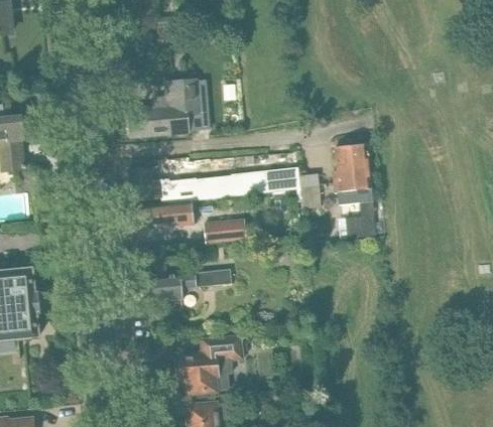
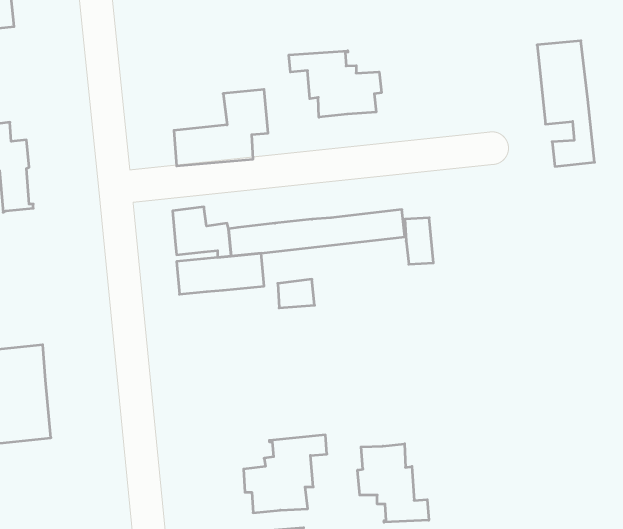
building: none -> [289,51,381,117]
building: [335,144,377,237] -> [537,41,595,166]
building: [149,270,230,301] -> none
building: none -> [358,444,429,522]

